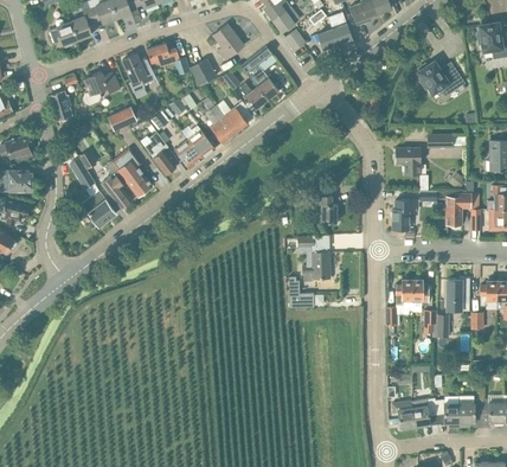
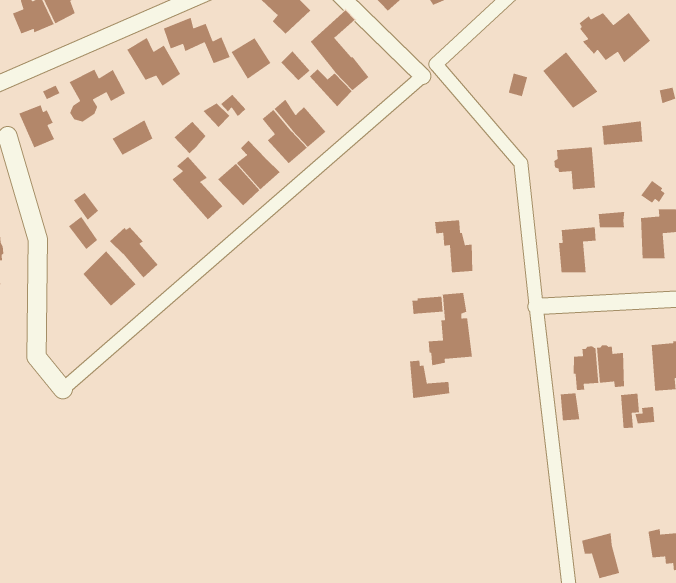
building: none -> [542,51,598,109]
building: [117,159,152,197] -> none
building: [411,397,436,427] -> none

